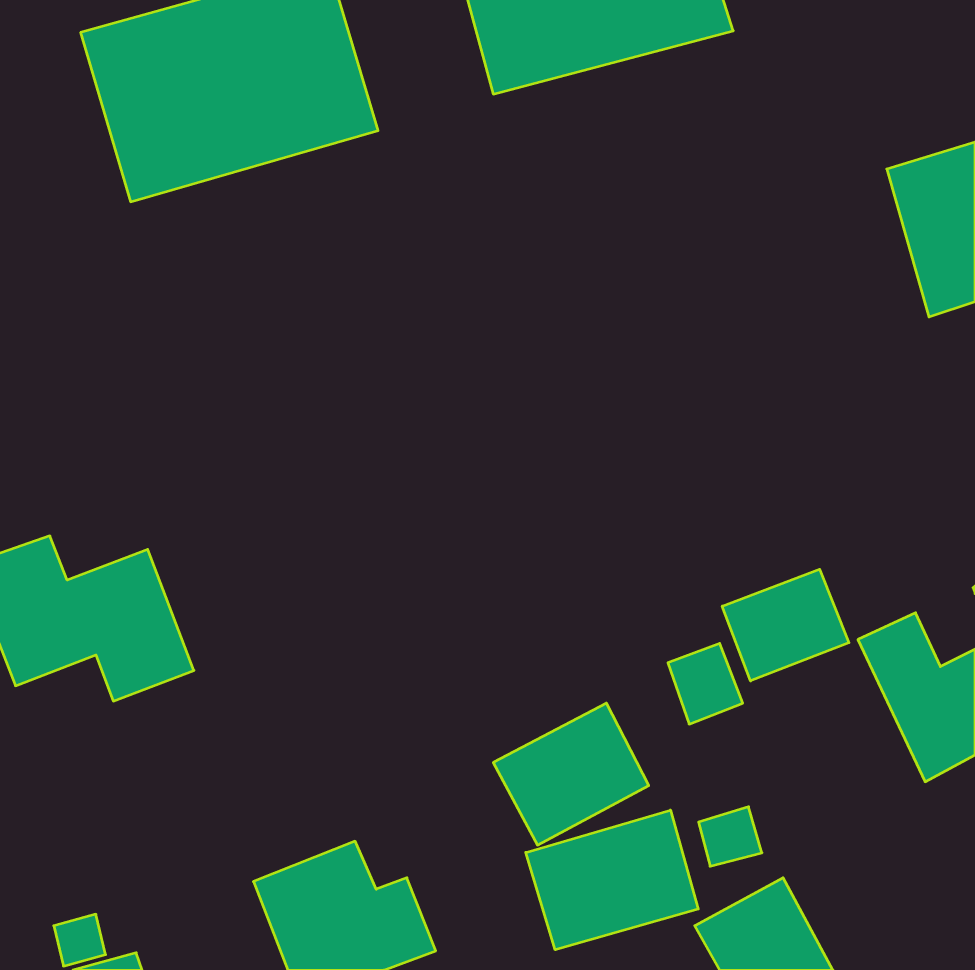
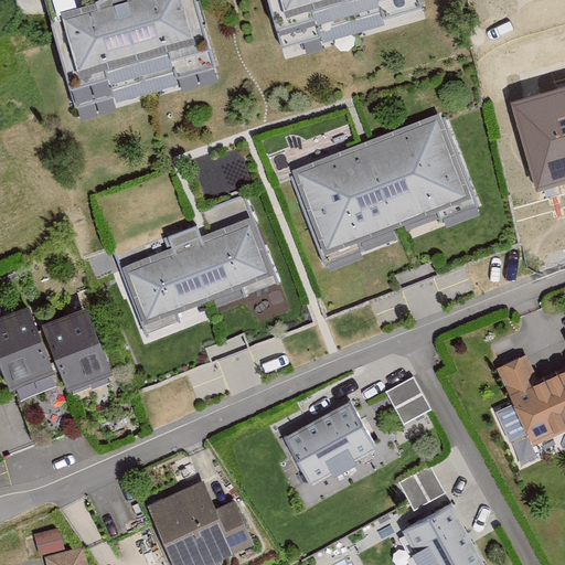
building: none -> [290,111,480,268]
building: none -> [118,194,280,338]
building: [722,569,849,681] -> none
building: [526,810,698,950] -> none

